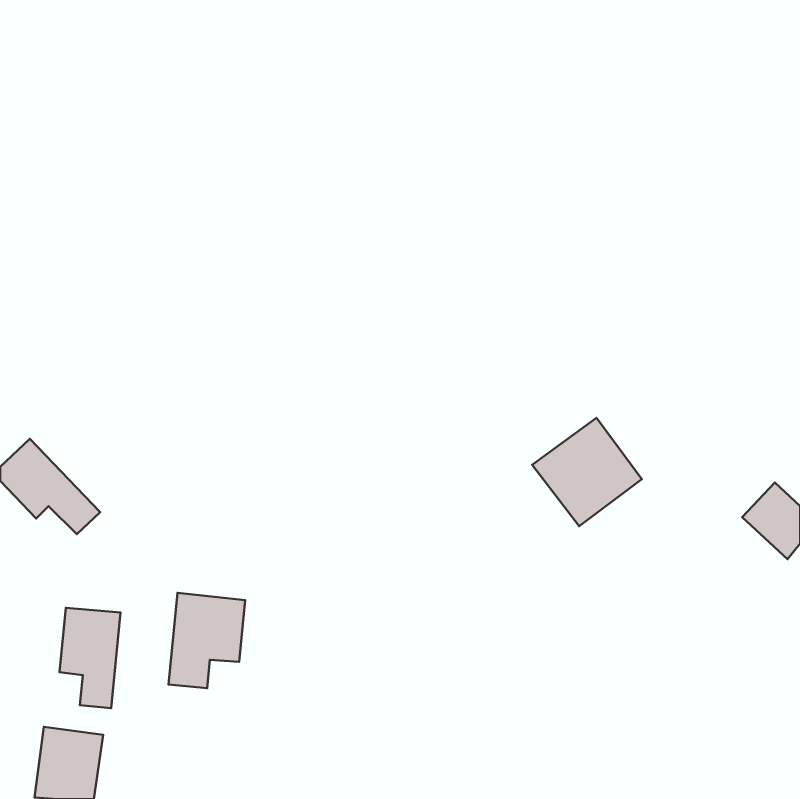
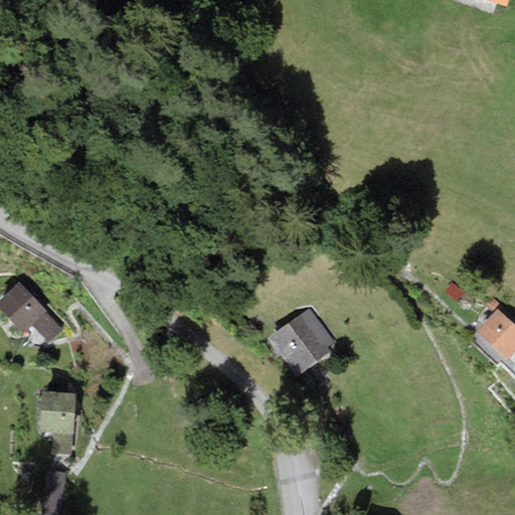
building: [532,418,642,526] -> [268,307,338,376]
building: [168,593,245,688] -> none

